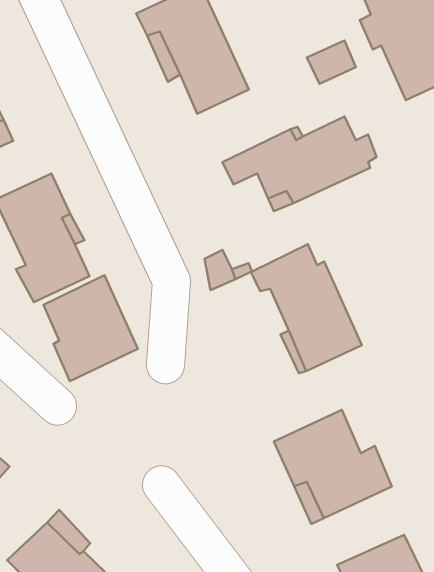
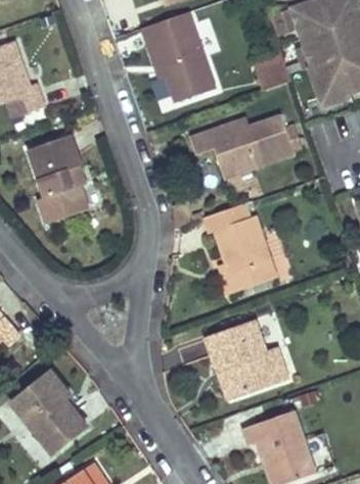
building: [43,275,138,381] -> none

